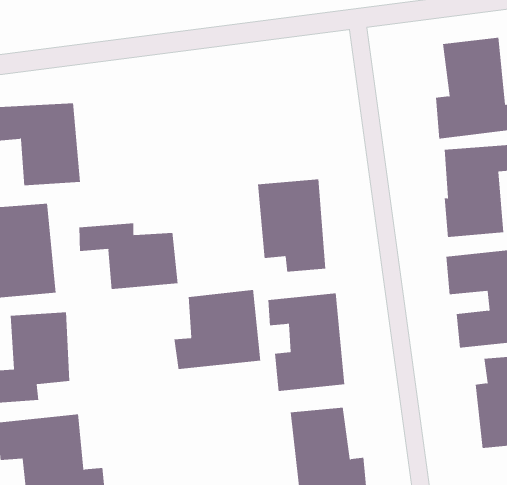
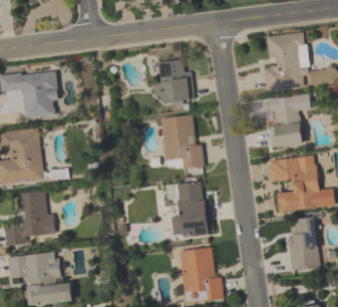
building: none -> [154,60,192,102]
building: [79,223,178,290] -> none
building: [174,289,261,370] -> none

